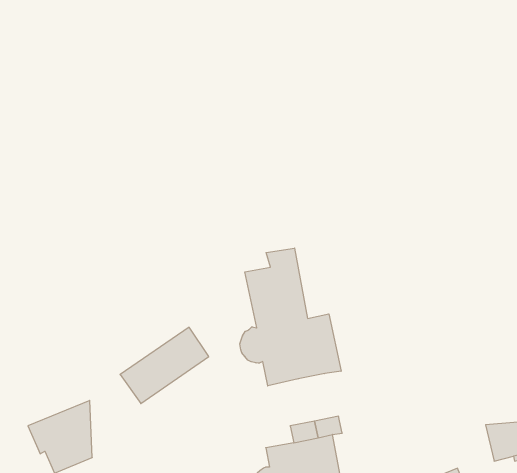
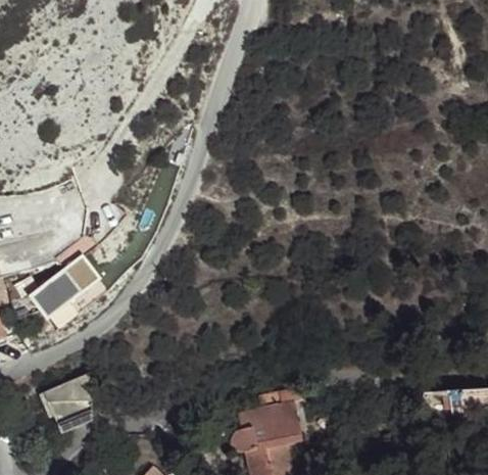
building: [240,248,341,386] -> none
building: [120,327,209,404] -> [25,255,99,320]

